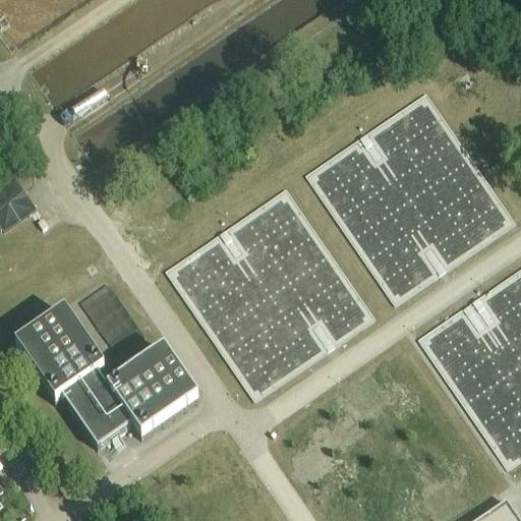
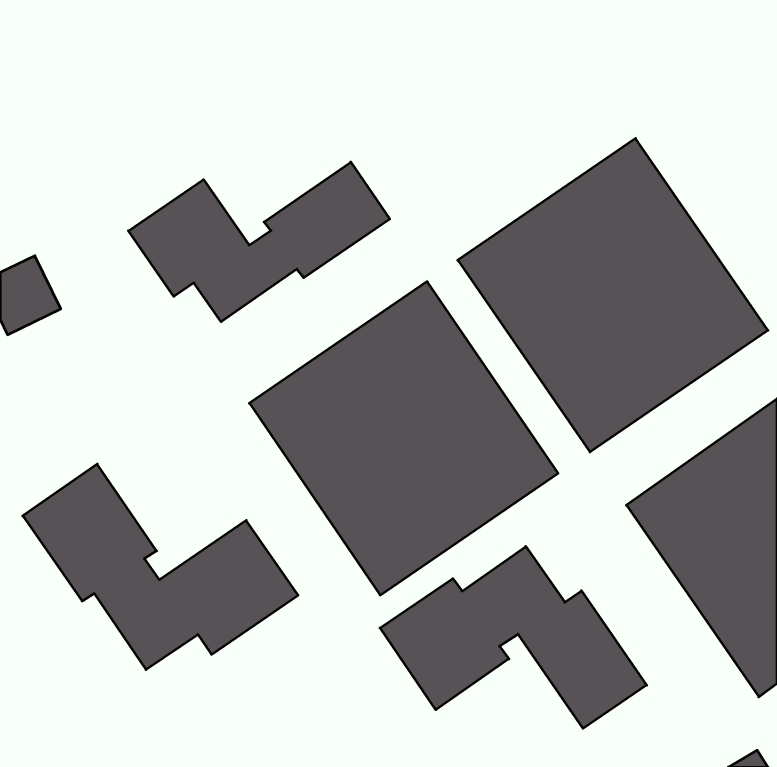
building: none -> [128,162,390,322]
building: none -> [380,546,647,728]

